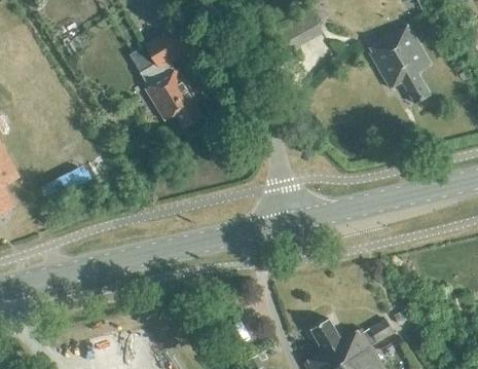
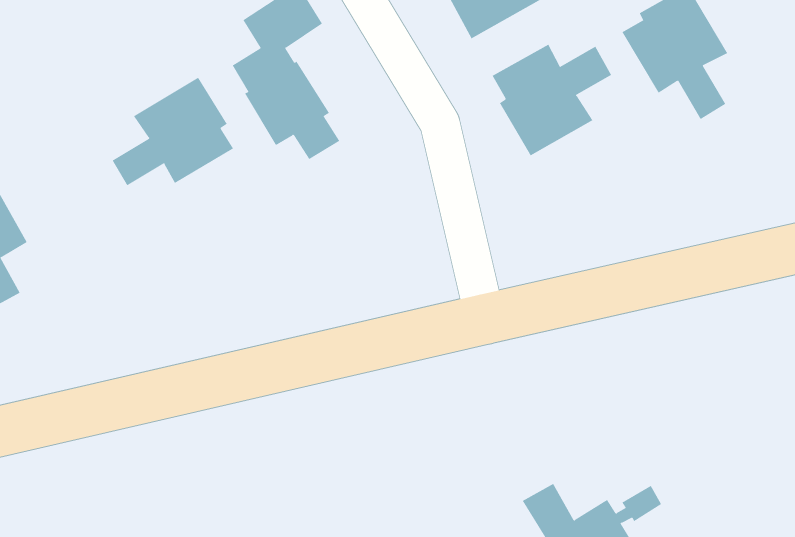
building: none -> [492,44,612,156]
building: none -> [112,77,234,186]

